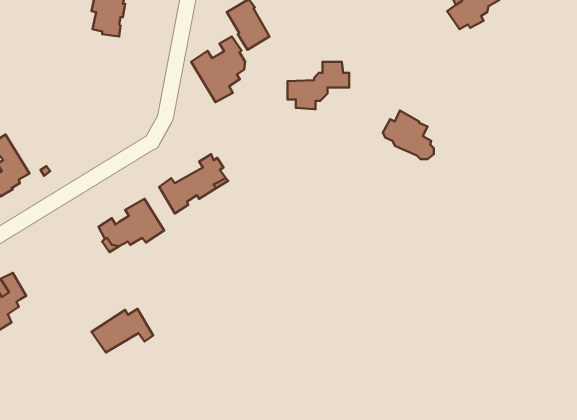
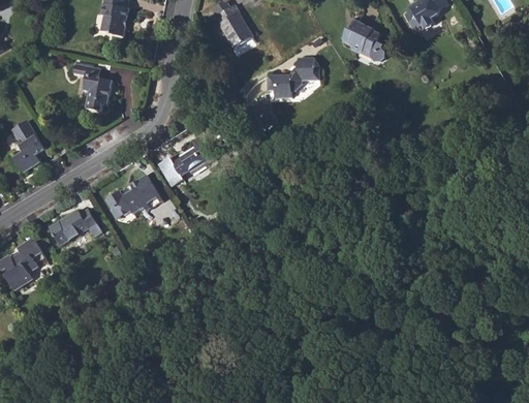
building: [191,37,245,102] -> none
building: none -> [72,63,112,111]
building: [383,111,434,159] -> [342,20,385,61]
building: [91,309,153,352] -> [49,209,101,246]

